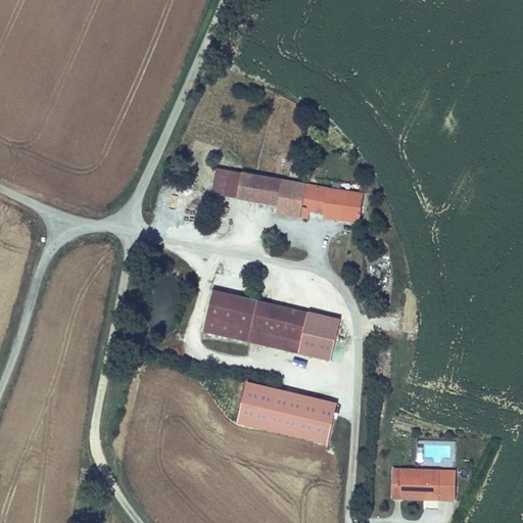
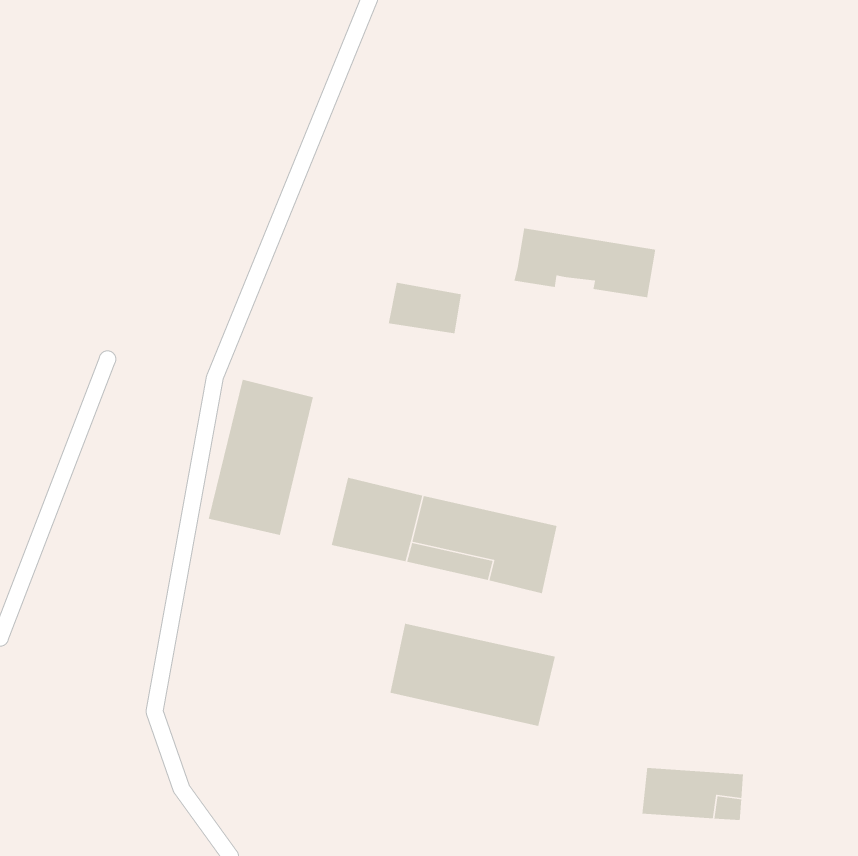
building: [210,168,241,197] -> none
building: [275,179,362,222] -> [514,228,656,298]
building: none -> [208,379,314,536]

